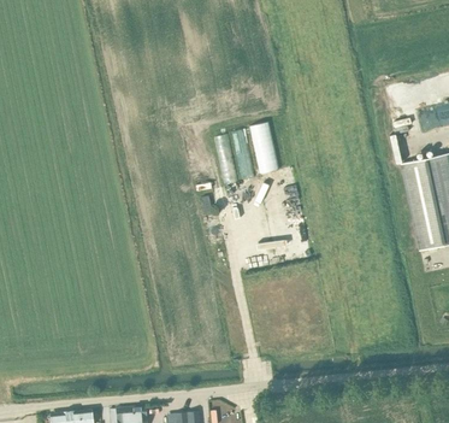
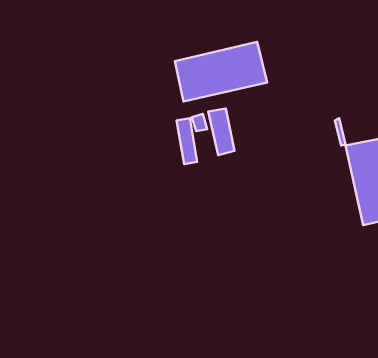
building: none -> [175,42,267,101]

